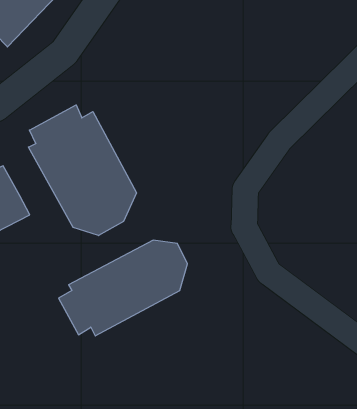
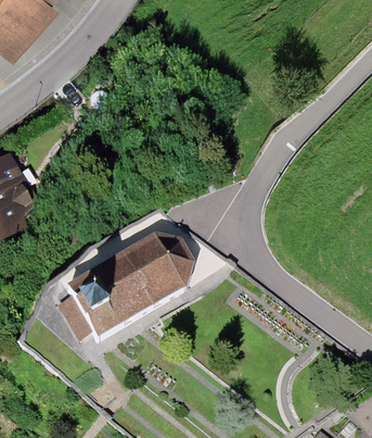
building: [28,105,137,236] -> none

